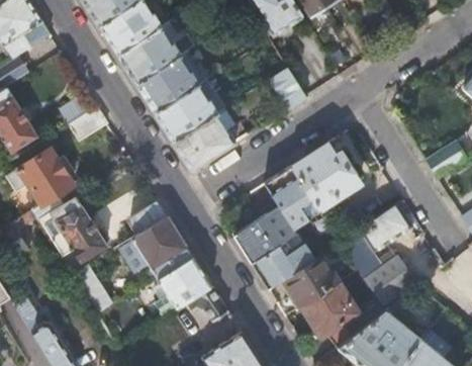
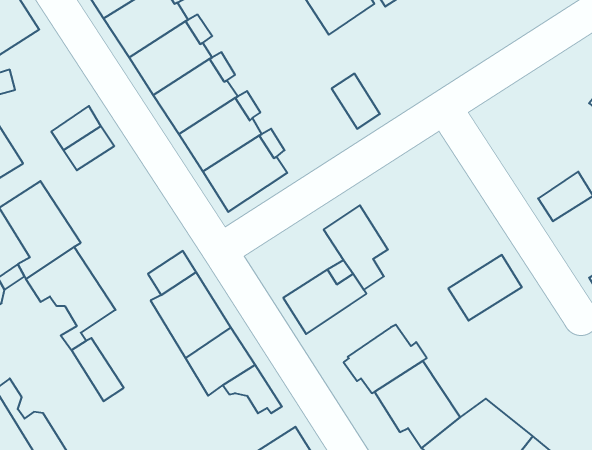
building: [291,143,362,209] -> none
building: [251,241,314,289] -> none
building: [367,258,415,304] -> none

